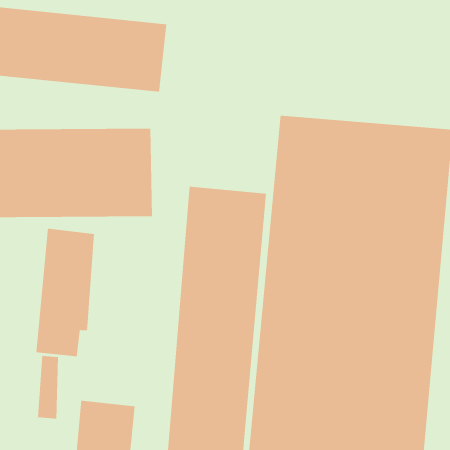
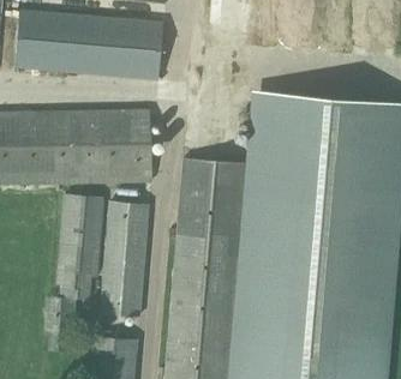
building: none -> [89,200,150,315]

